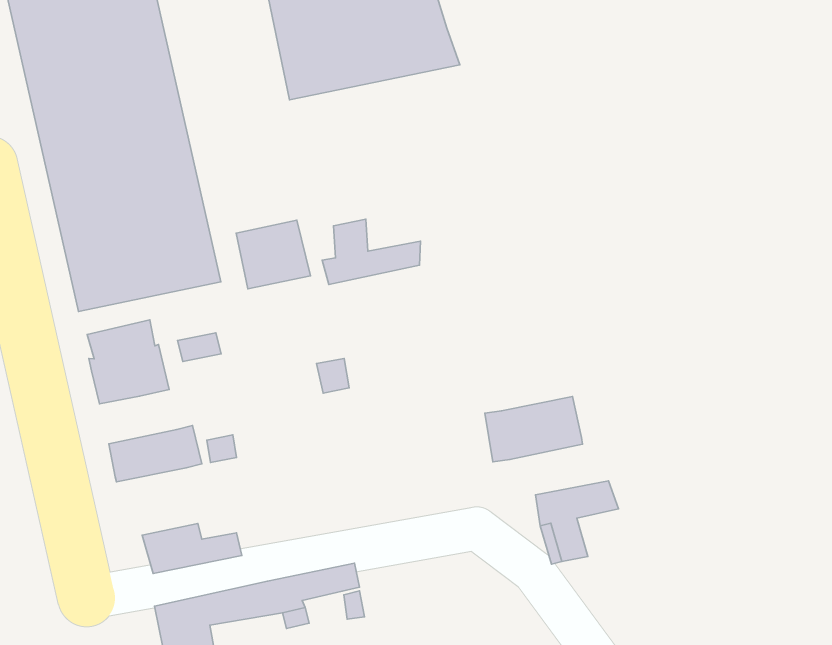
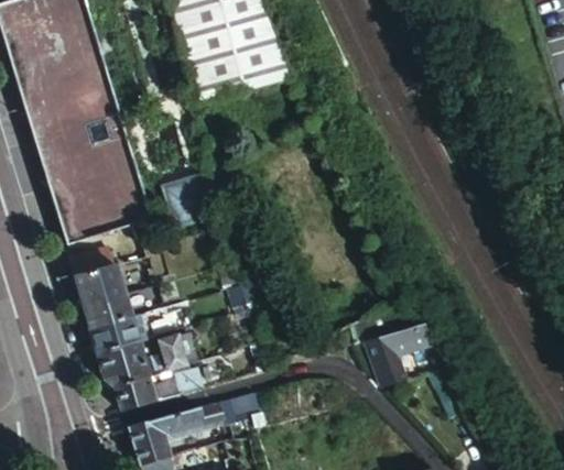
building: [322,219,421,284] -> none
building: none -> [82,289,132,327]
building: [485,396,582,462] -> none
building: none -> [96,335,186,384]

